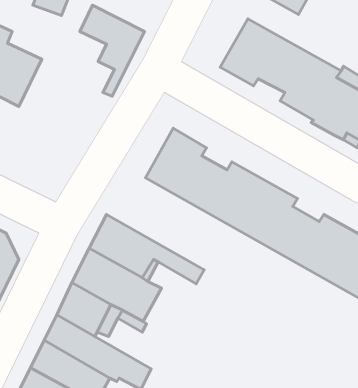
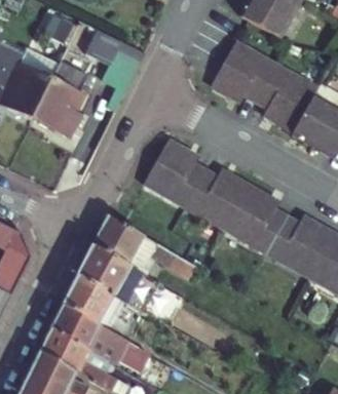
building: none -> [31,63,86,140]

